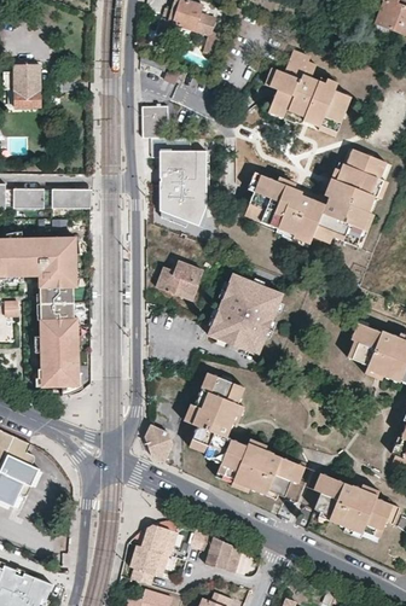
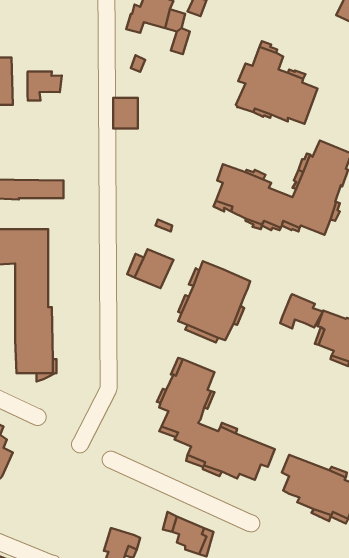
building: none -> [27,71,62,101]
building: [158,150,207,226] -> none
building: none -> [280,294,323,328]
building: [145,423,174,461] -> none
building: [140,525,175,553] -> none

